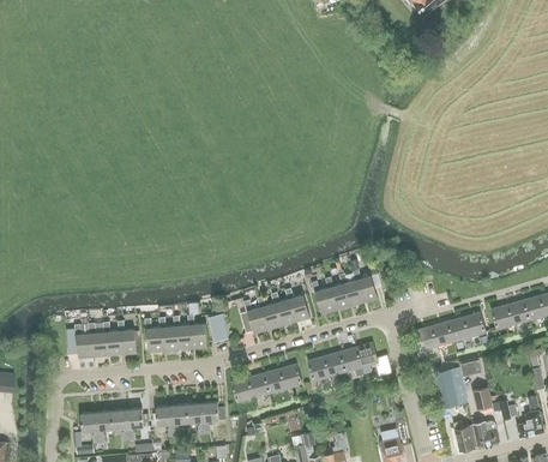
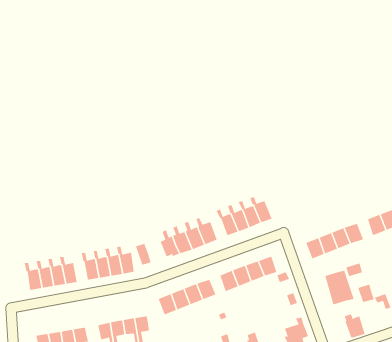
building: [472,420,500,446] -> none

